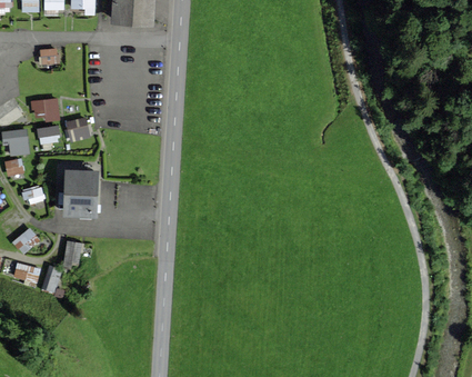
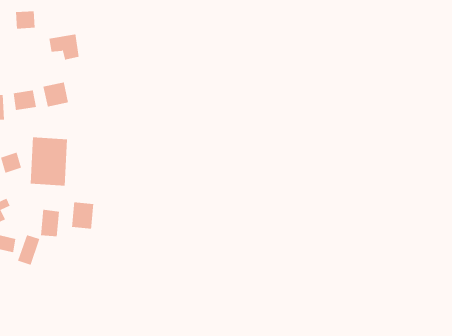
building: [31,97,61,122] -> [48,34,79,60]
building: none -> [72,201,94,230]

